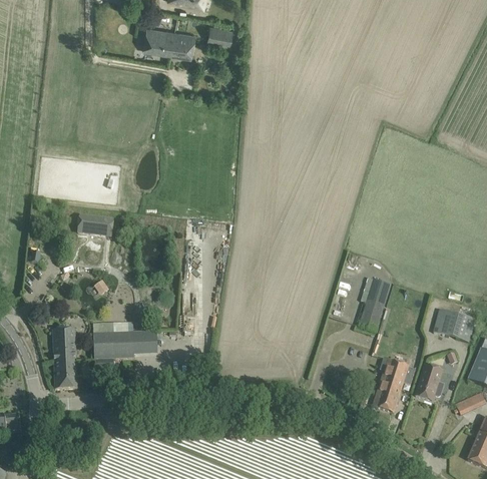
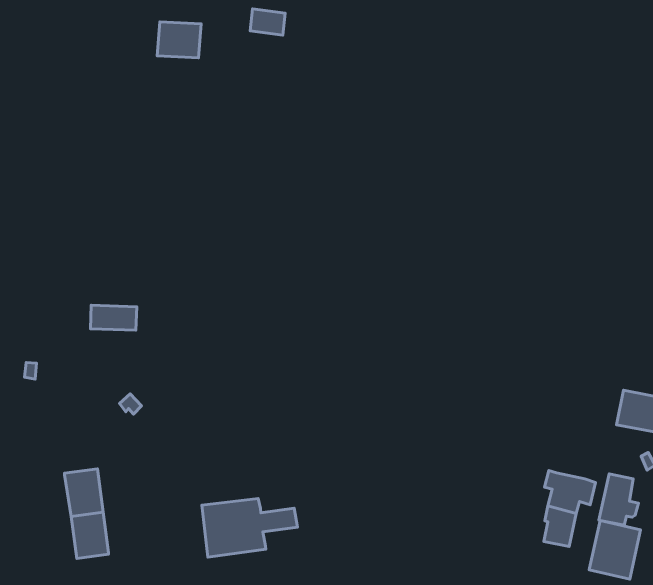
building: [170,30,194,56] -> none
building: [359,278,390,331] -> none
building: [93,322,157,359] -> [202,498,297,557]
building: none -> [589,520,641,579]

